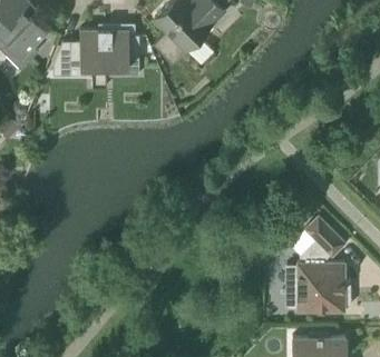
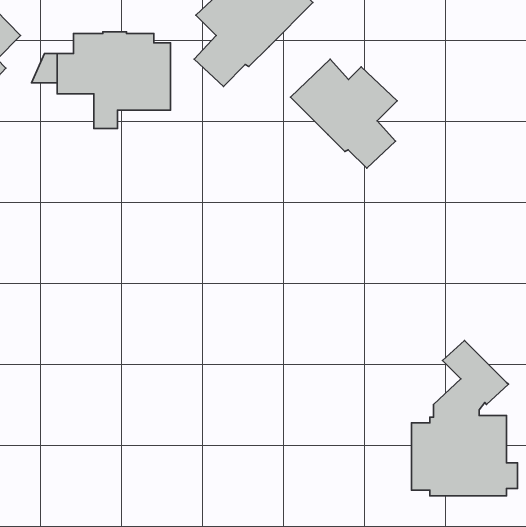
building: none -> [290,59,397,168]

